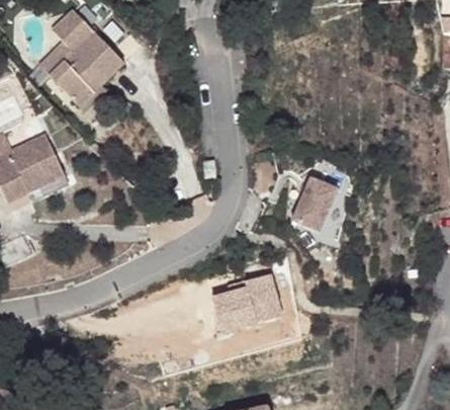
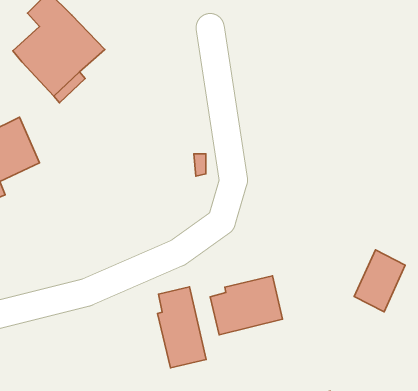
building: [285,179,332,236] -> [354,250,405,312]
building: none -> [158,287,206,368]

